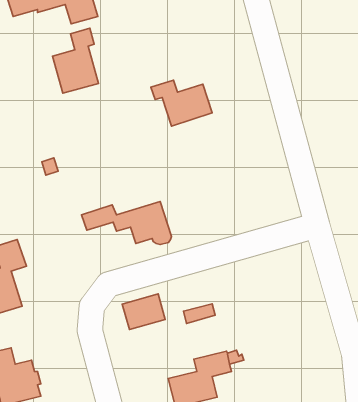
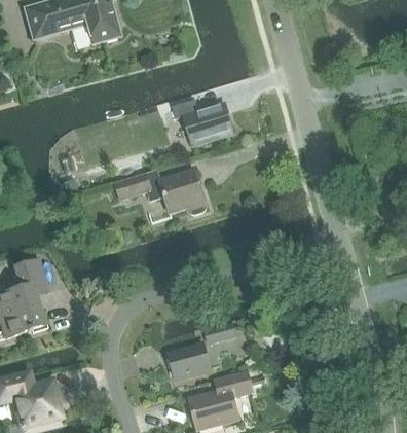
building: [53,28,98,93] -> none
building: [82,202,171,245] -> [115,170,206,213]
building: [122,294,165,330] -> [168,342,211,378]

